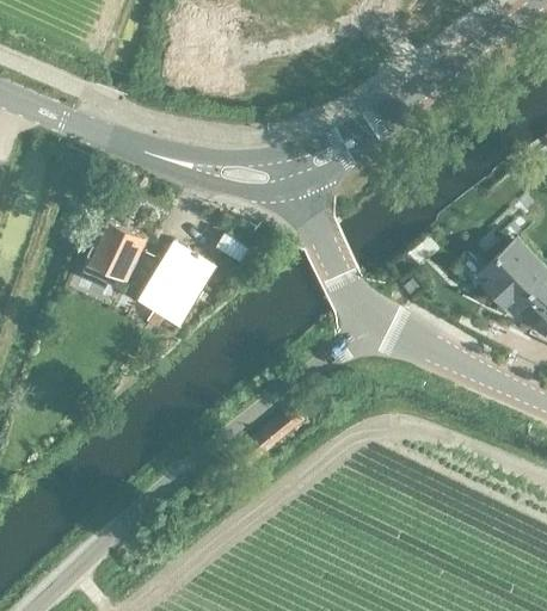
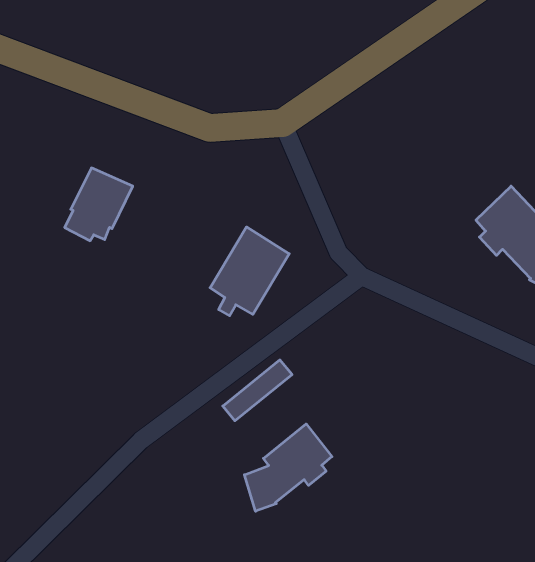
building: [137,241,215,328] -> [210,227,289,316]
building: none -> [244,424,332,511]

